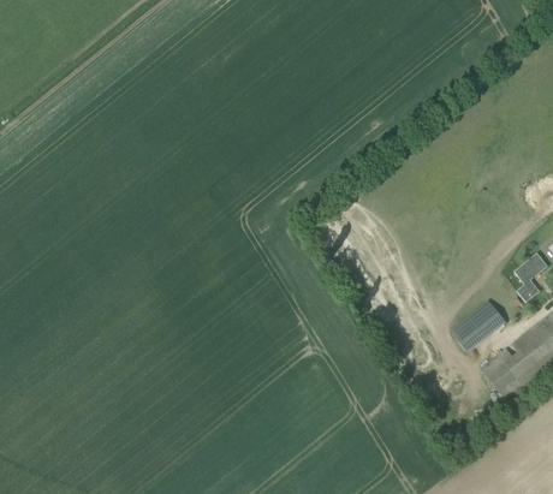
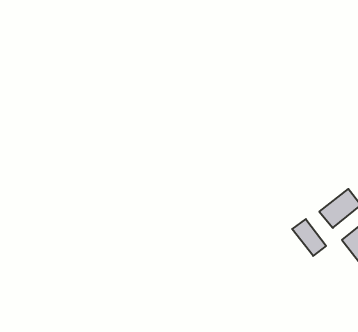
building: none -> [292,219,326,256]

